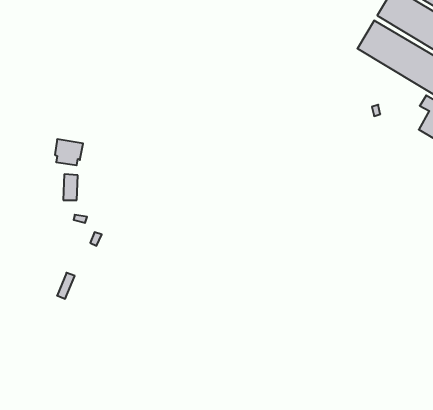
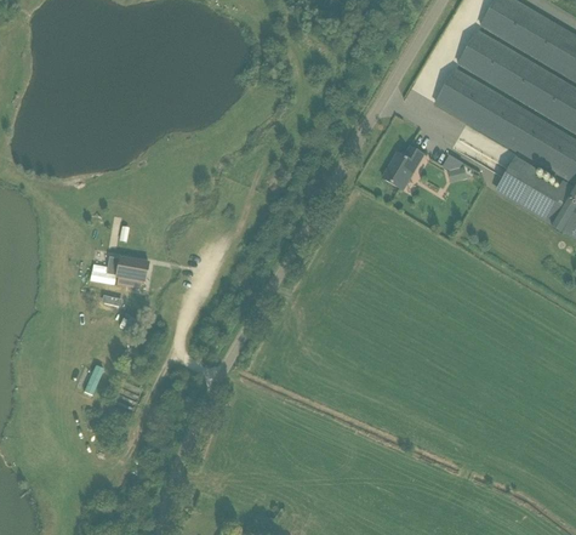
building: none -> [382,144,423,187]
building: [55,139,83,165] -> [114,256,147,286]

